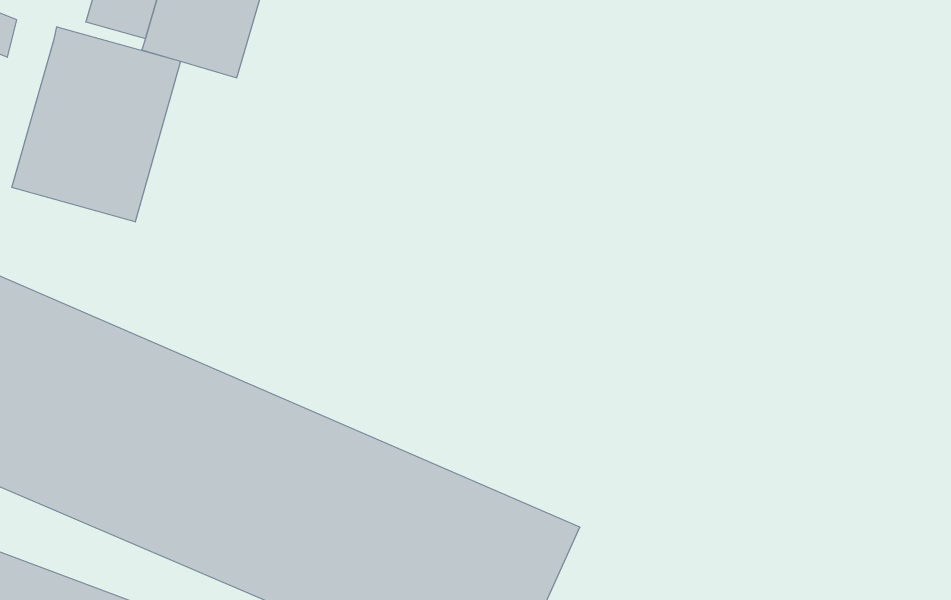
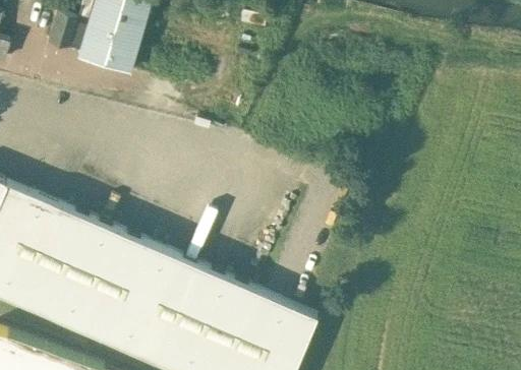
building: [12,27,180,222] -> none

